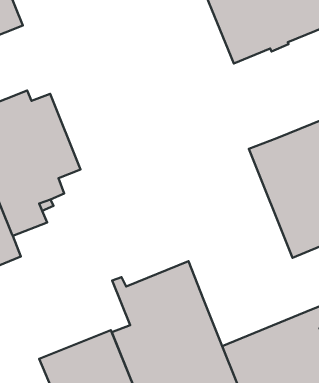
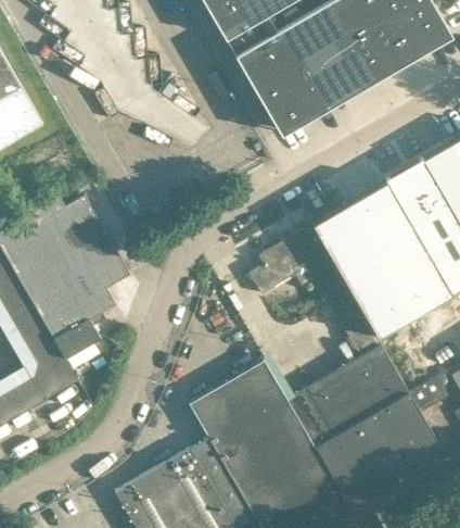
building: none -> [248,225,408,448]

